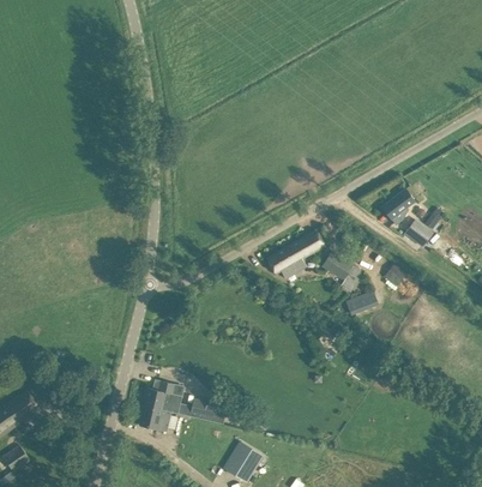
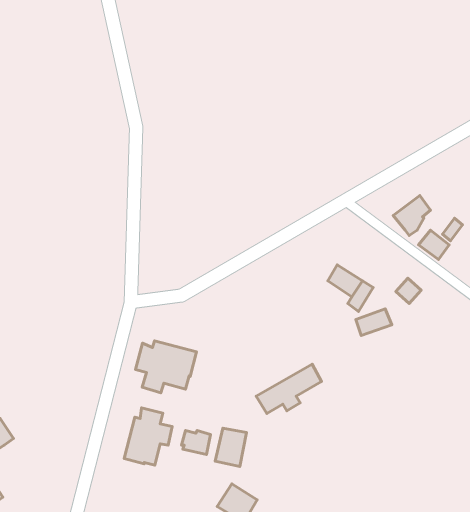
building: [266,229,325,273] -> [256,364,321,414]
building: none -> [136,341,197,393]
building: none -> [215,428,247,467]

